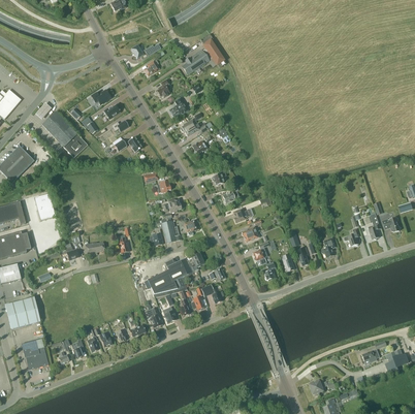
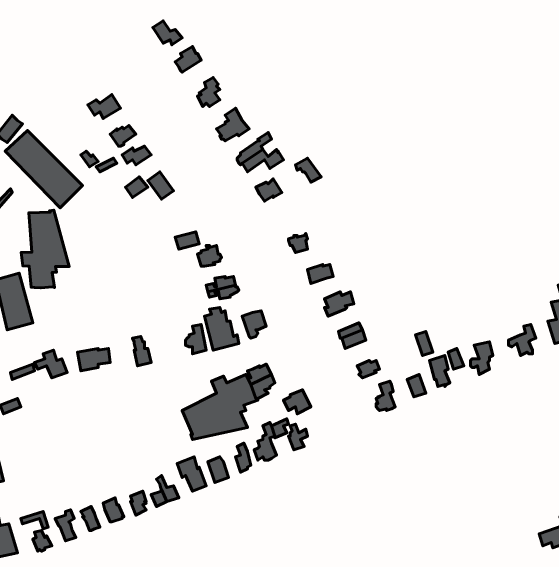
building: [180,39,223,74] -> none
building: none -> [21,210,69,288]

